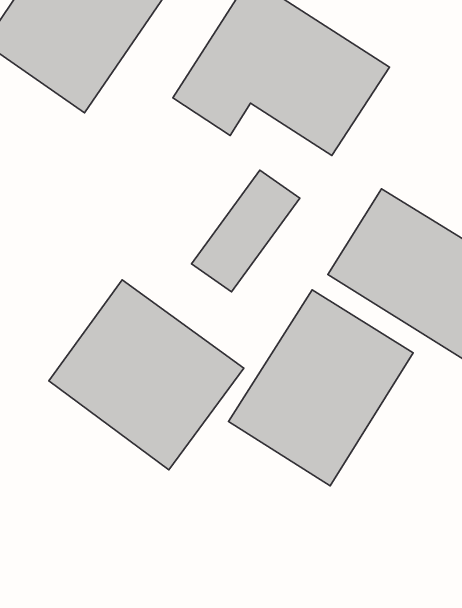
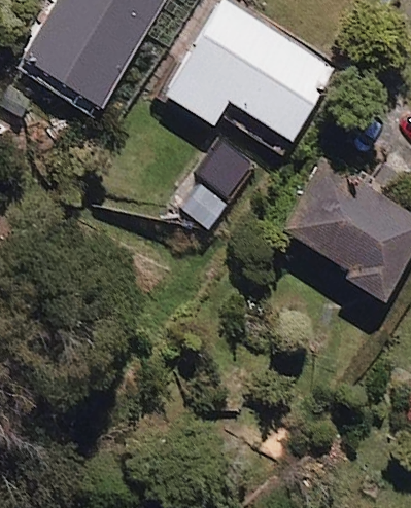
building: [49,280,244,470] -> none
building: [228,290,413,486] -> none

